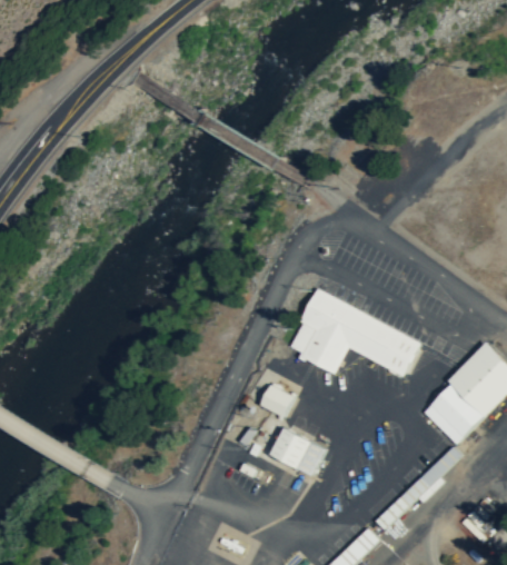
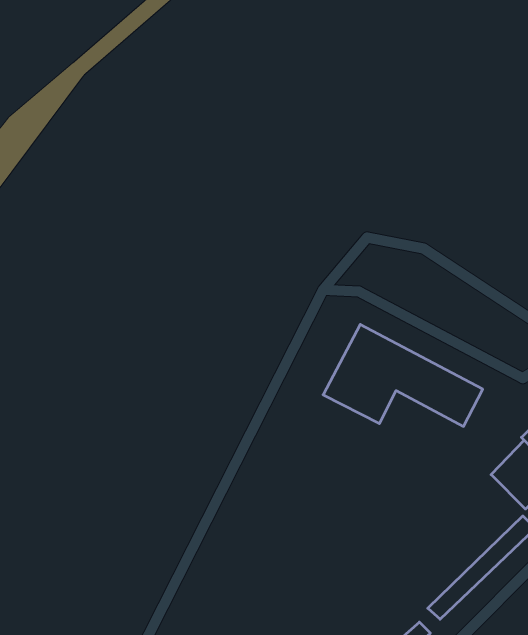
building: [264,378,297,416] -> none
building: [272,429,326,475] -> none

